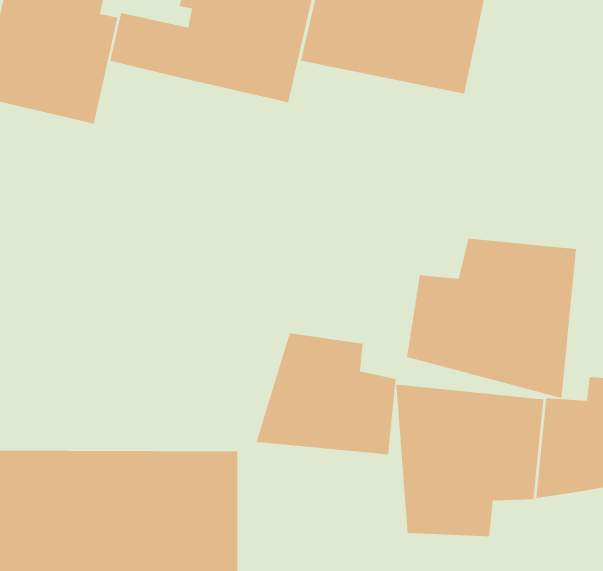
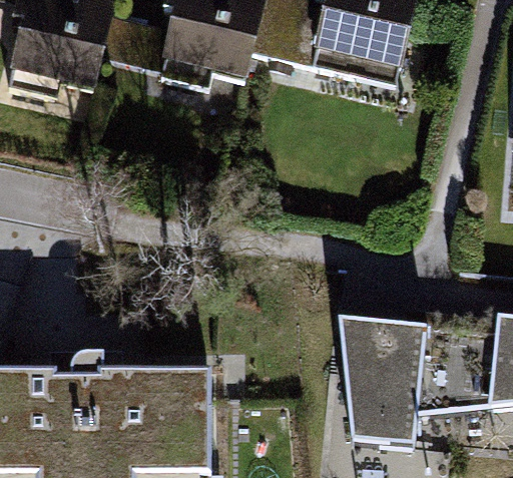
building: [407,238,577,399] -> none
building: [256,333,396,455] -> none

